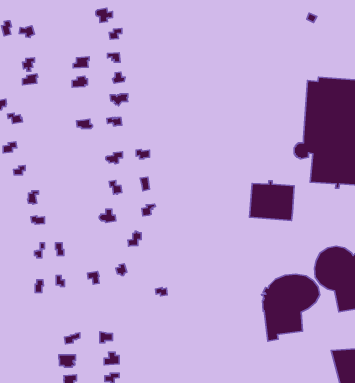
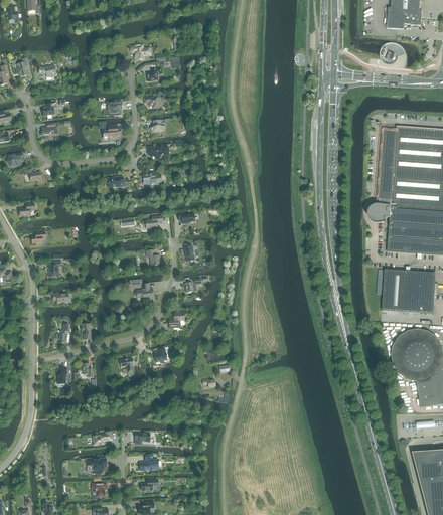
building: [249,181,294,220] -> [383,267,436,314]
building: [262,274,320,341] -> none

